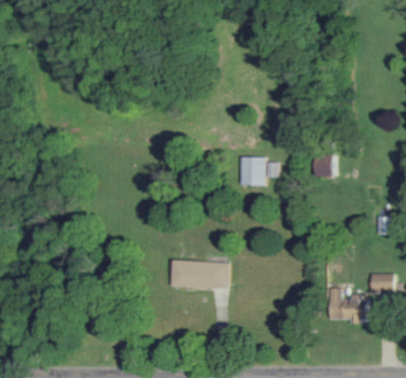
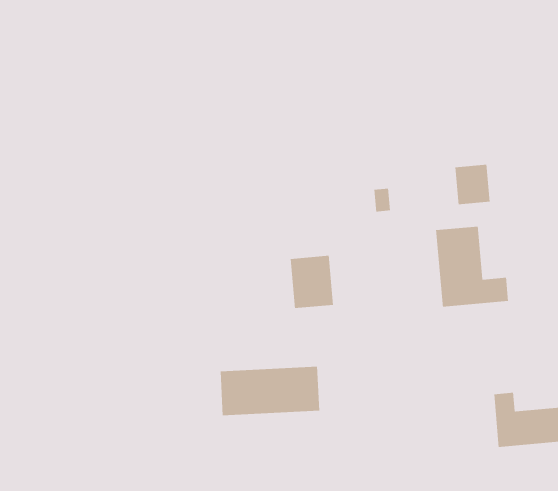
building: [242,156,265,185] -> [290,255,334,309]
building: none -> [436,226,509,307]

